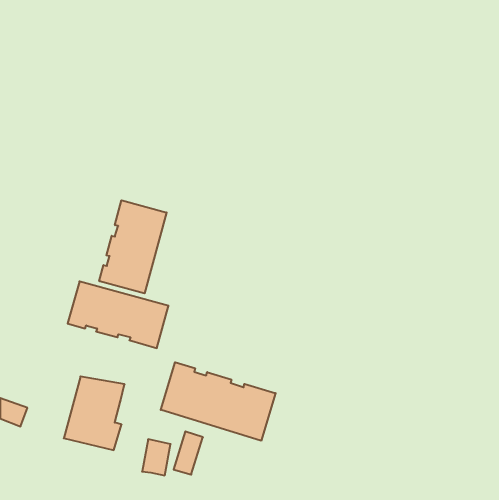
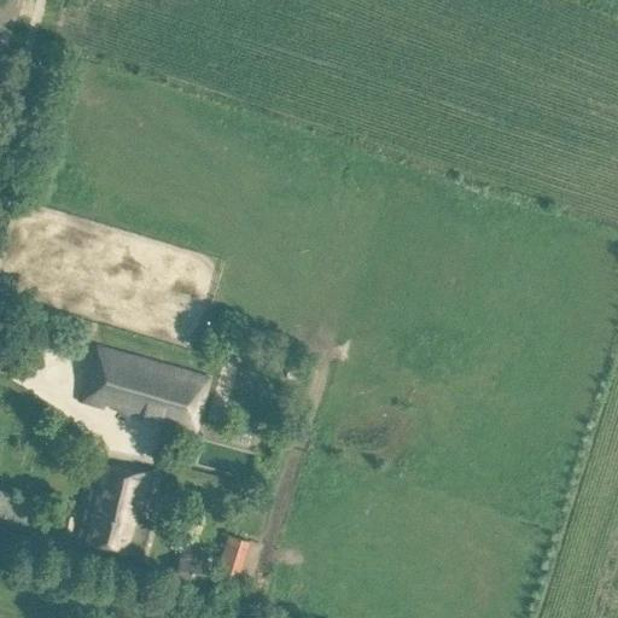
building: [99,200,167,293] -> none
building: [161,362,276,441] -> none

